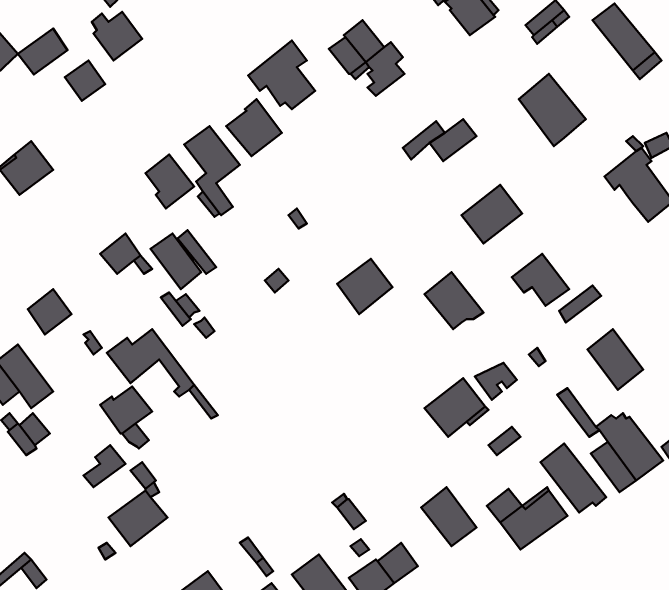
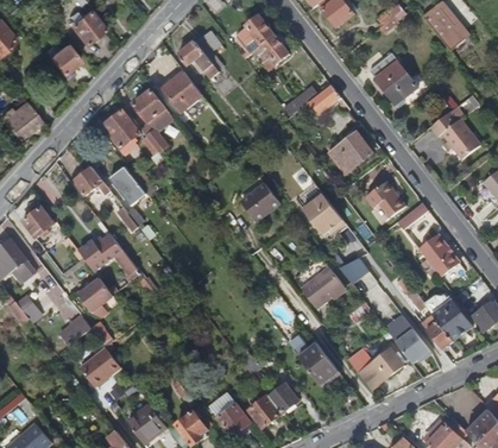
building: [18,29,67,75] -> none

